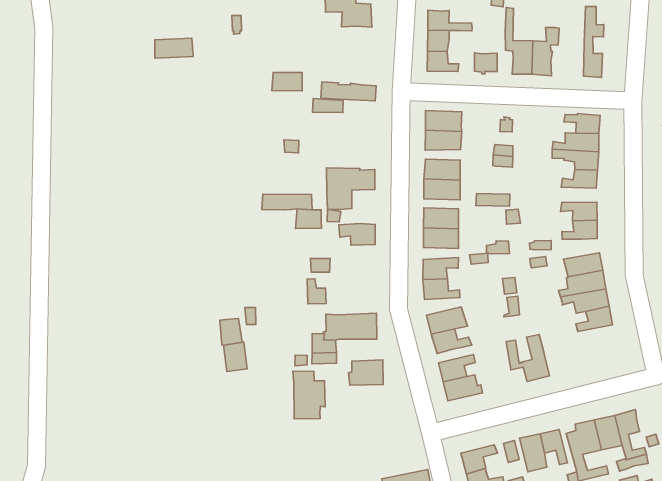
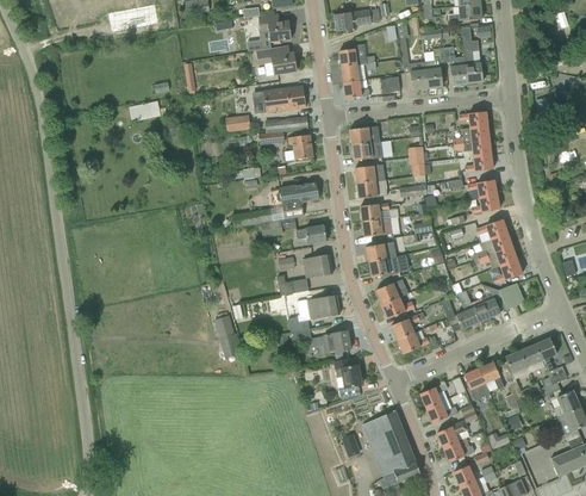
building: none -> [443,45,468,85]
building: none -> [255,85,306,112]
building: none -> [285,134,312,160]
building: none -> [301,253,332,278]
building: none -> [472,286,516,323]
building: [293,371,325,419] -> [332,358,362,397]

